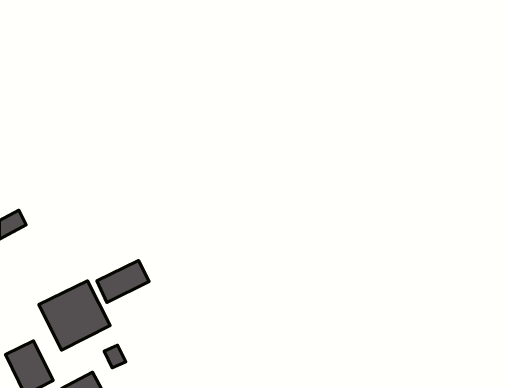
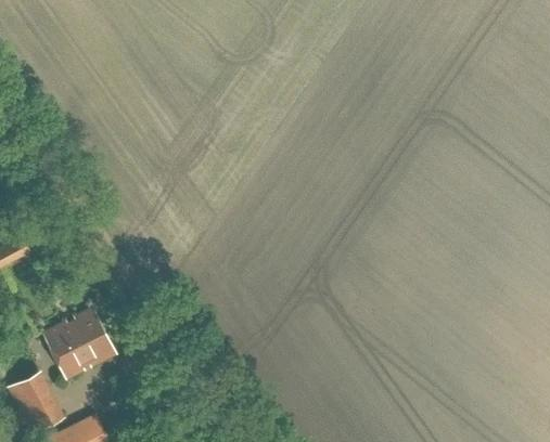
building: [97,260,149,303] -> none

